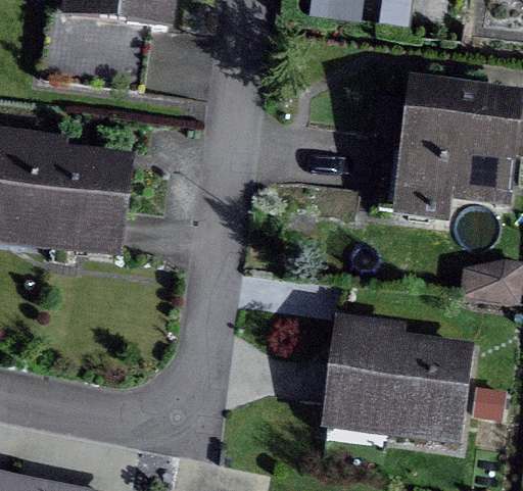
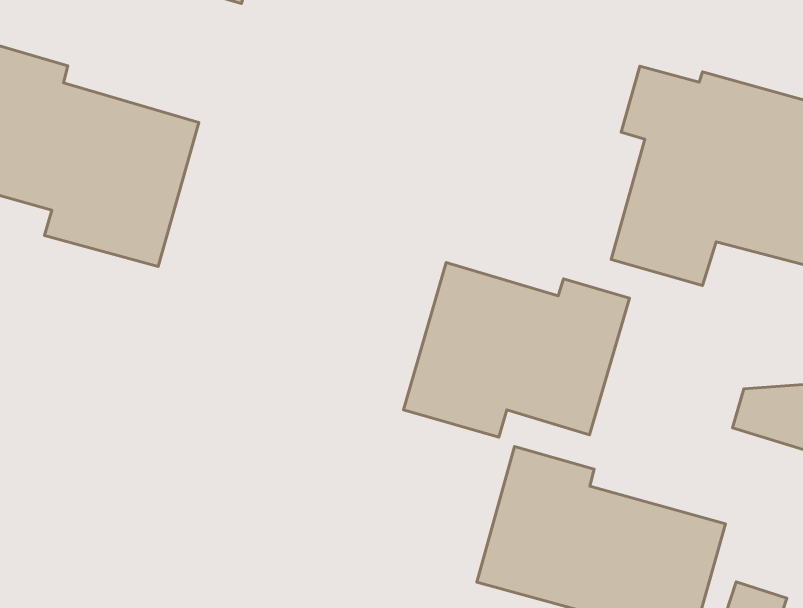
building: none -> [403,263,629,437]

